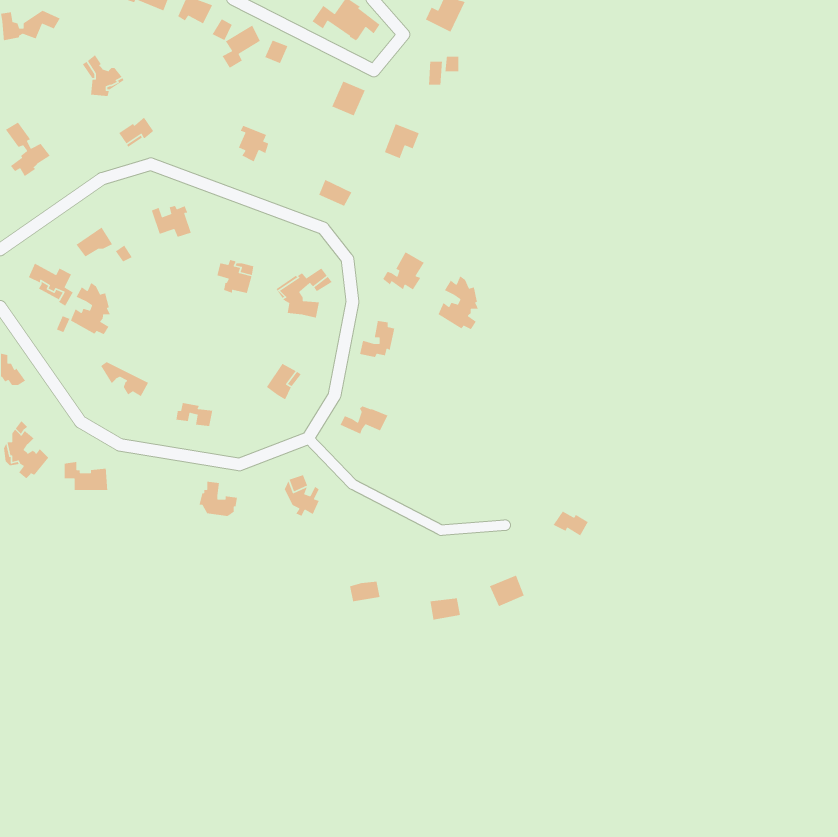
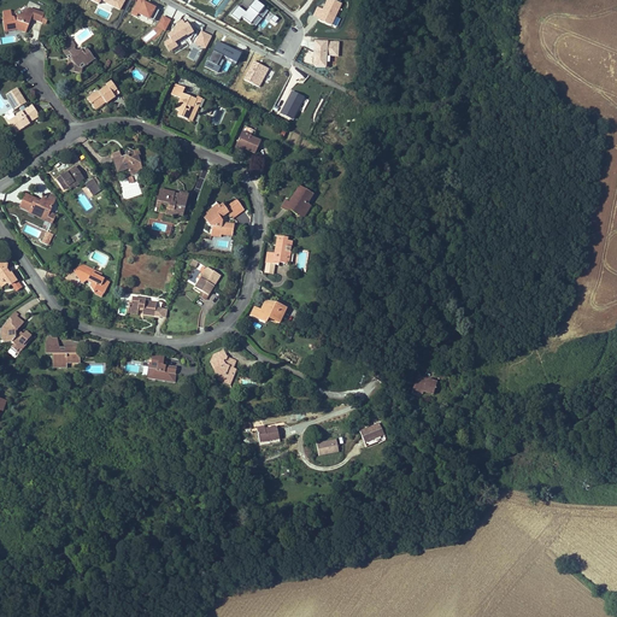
building: none -> [205,39,241,71]
building: [437,275,479,330] -> none
building: [70,282,111,335] -> none

